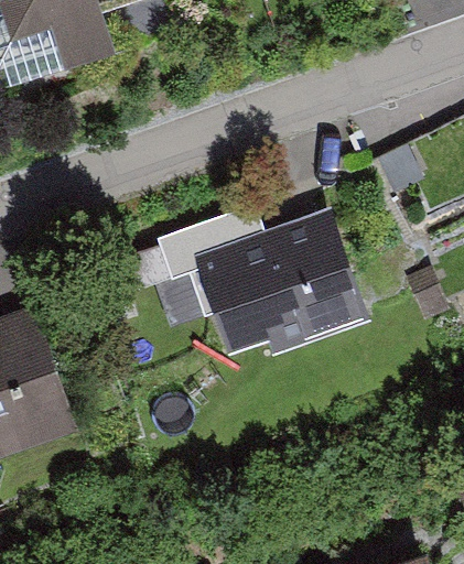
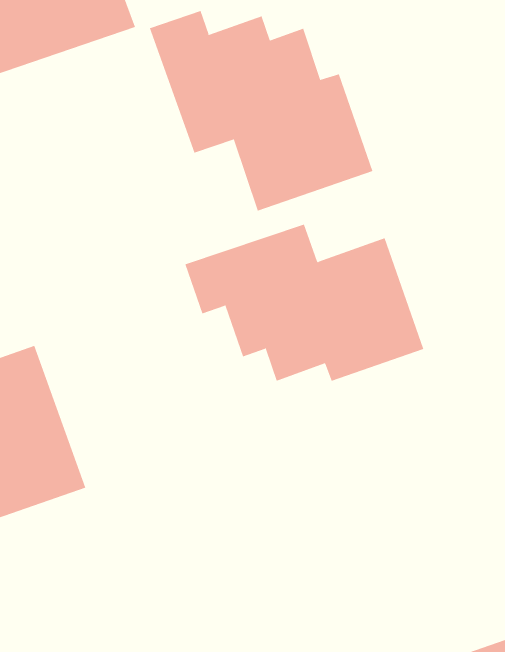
building: none -> [149,10,373,212]

